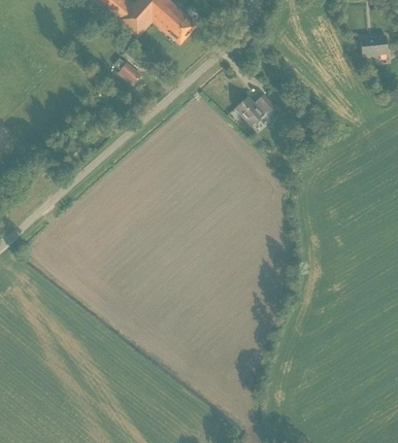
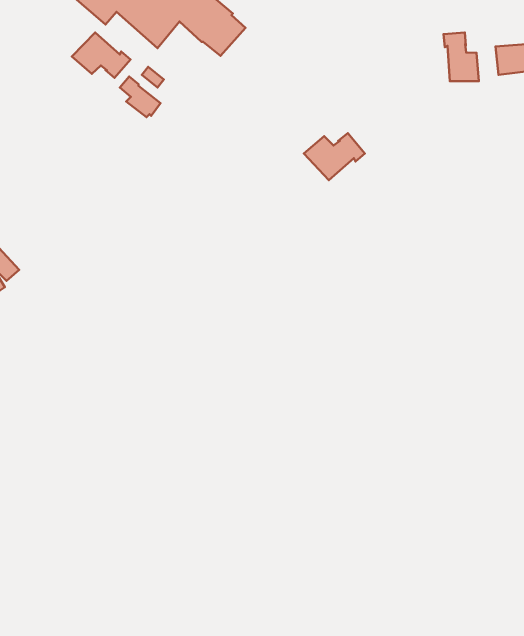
building: none -> [444,32,479,81]
building: none -> [72,33,131,78]

